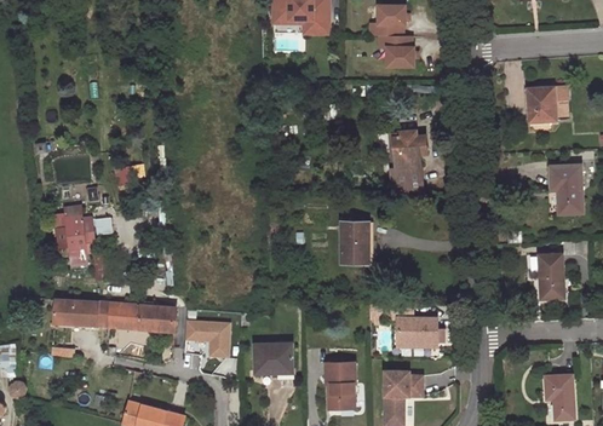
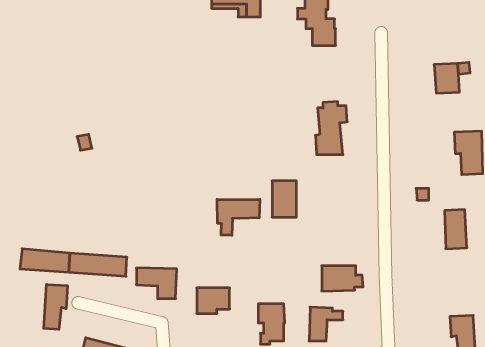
building: [53,205,111,267] -> none
building: none -> [217,199,260,235]
building: none -> [44,284,67,329]

